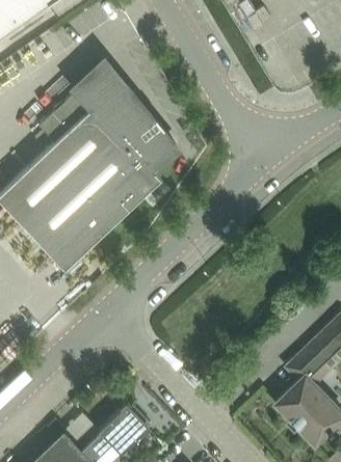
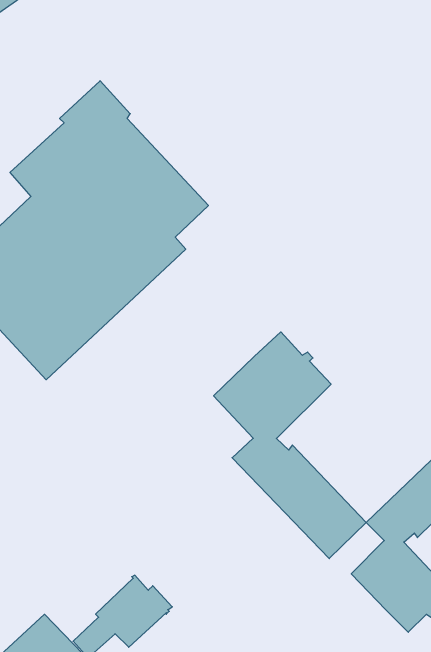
building: none -> [214,332,366,559]

